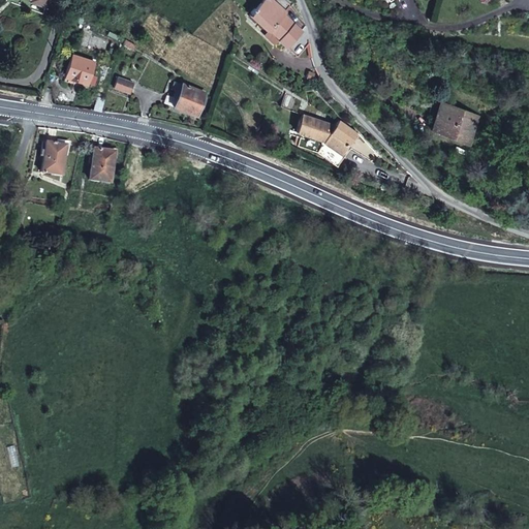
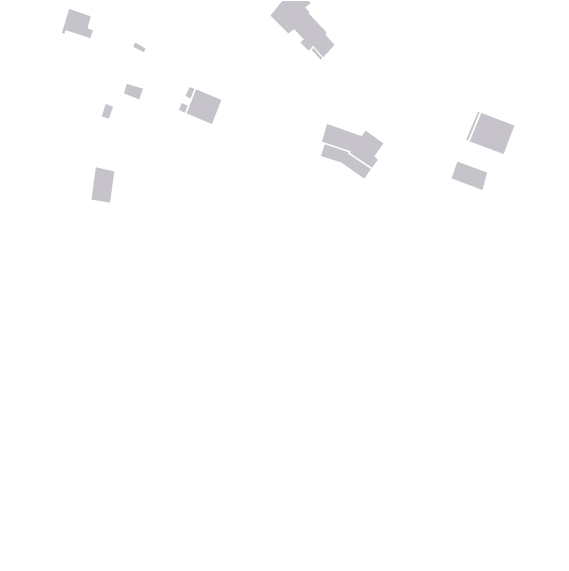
building: [66,55,97,84] -> [61,8,94,39]
building: [41,147,62,180] -> none
building: none -> [451,160,488,191]

